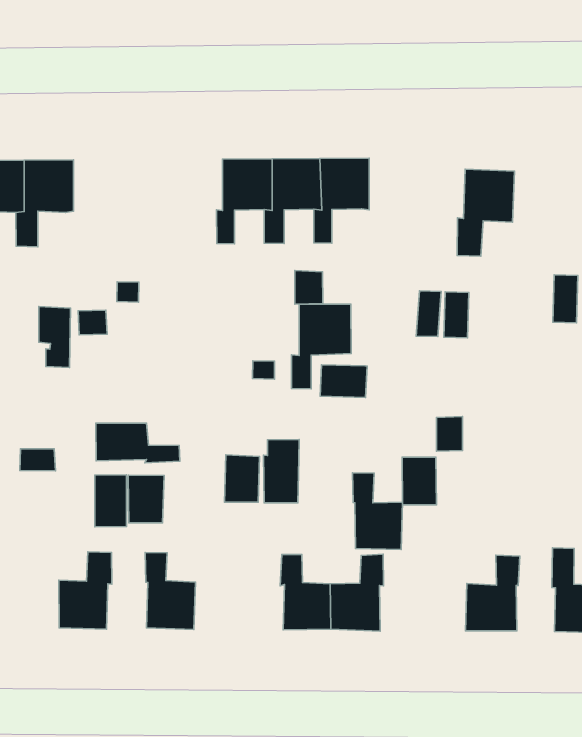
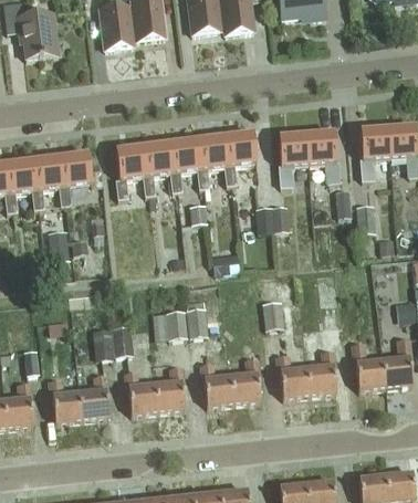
building: none -> [115,147,146,198]
building: none -> [59,154,92,206]
building: none -> [306,133,339,182]
building: [291,304,351,389] -> [223,134,257,185]
building: [96,423,180,463] -> none
building: [352,473,403,550] -> [276,354,309,397]
building: none -> [49,378,82,421]
building: none -> [155,366,185,411]

